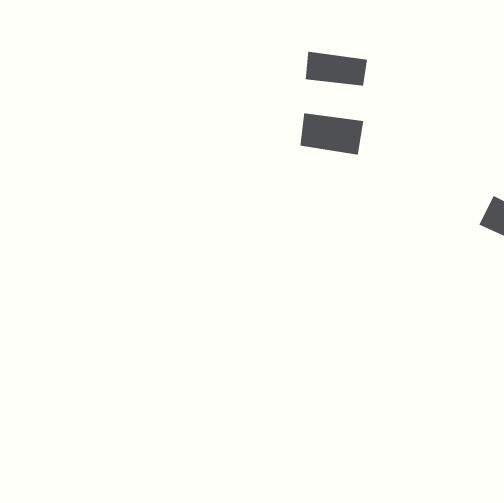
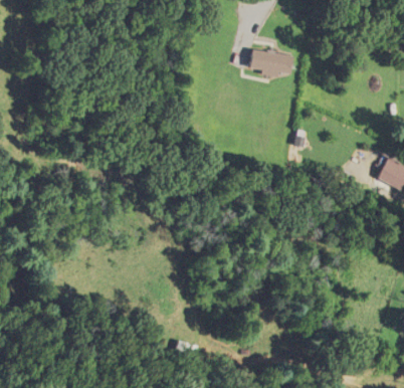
building: [300,113,364,155] -> none

